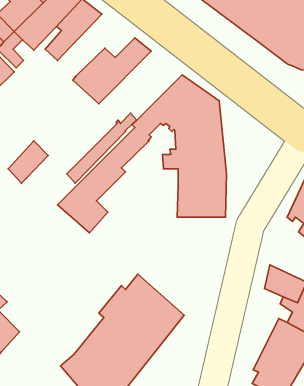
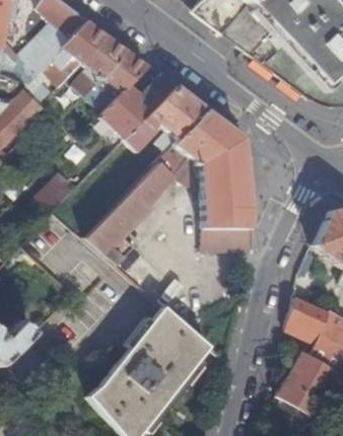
building: none -> [86,49,150,110]
building: none -> [127,85,209,149]

